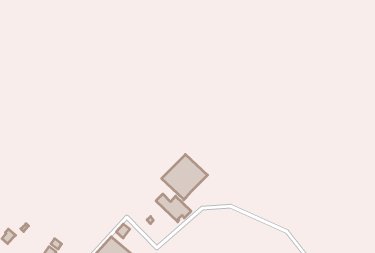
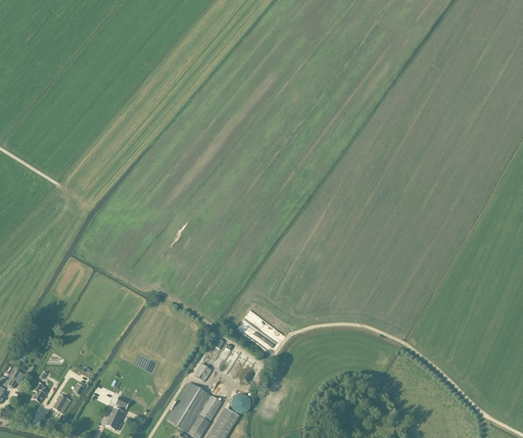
building: [162,154,208,200] -> none

